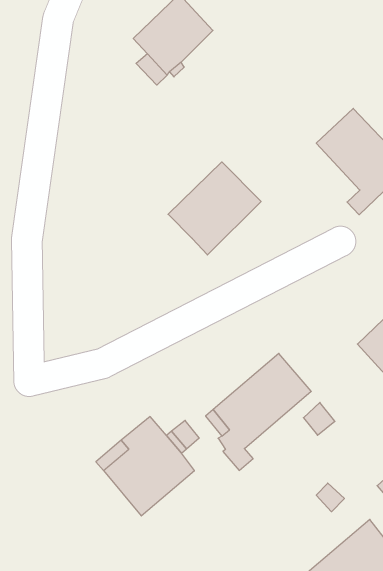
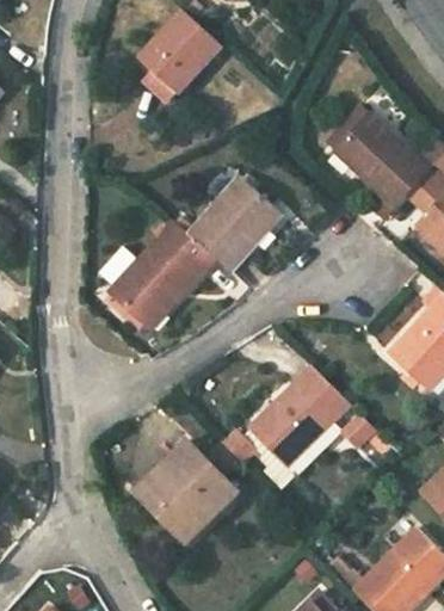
building: none -> [109,220,215,331]

